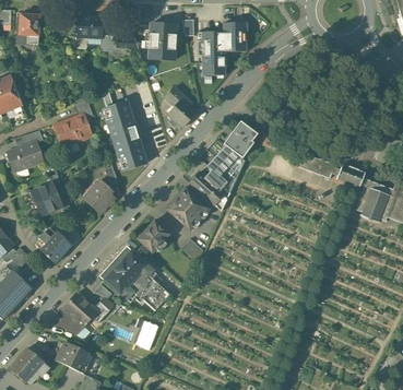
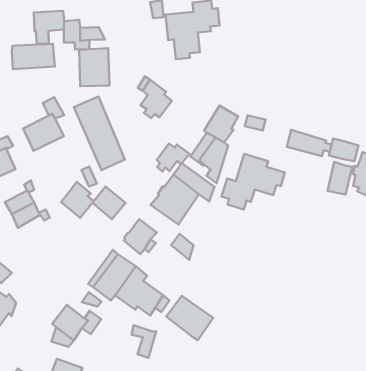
building: [149,24,178,60] -> [79,48,110,86]
building: none -> [12,44,55,69]
building: none -> [157,143,189,171]
building: none -> [222,154,285,210]
building: none -> [328,162,353,195]
building: none -> [93,187,126,219]
building: [39,232,71,262] -> none
building: none -> [166,296,213,340]

